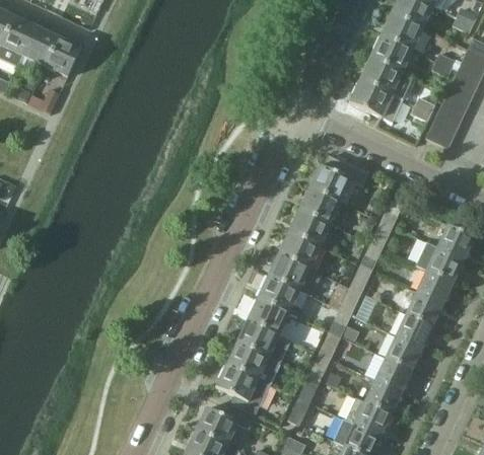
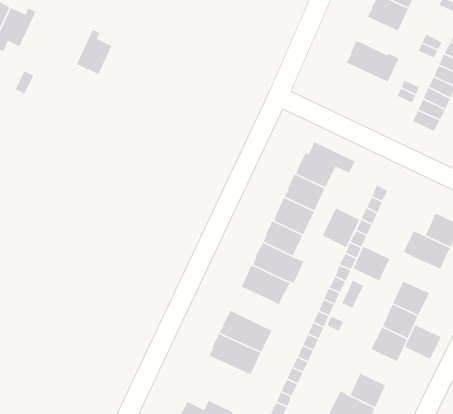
building: [46,29,81,74] -> [76,29,112,75]
building: [371,34,413,71] -> none
building: [352,79,403,121] -> none
building: none -> [322,207,360,248]
building: [417,268,454,302] -> [352,246,390,281]
building: [250,296,301,337] -> none
building: [375,357,412,391] -> [404,324,442,360]
building: [217,363,270,414] -> none

